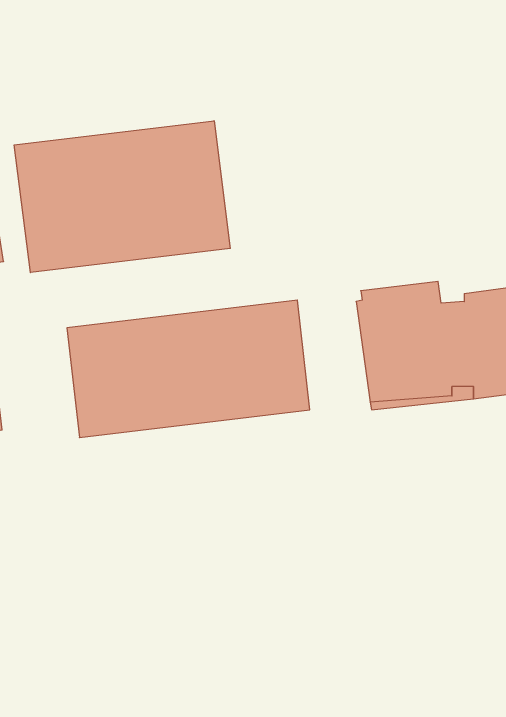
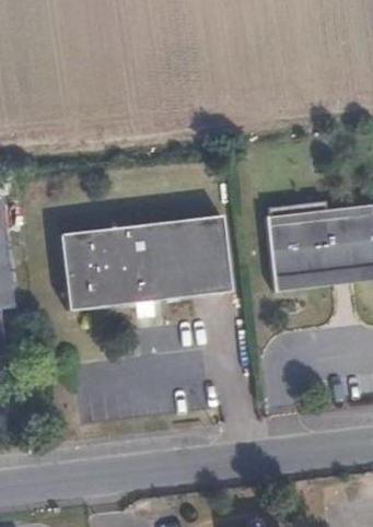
building: [14,121,230,273] -> none

